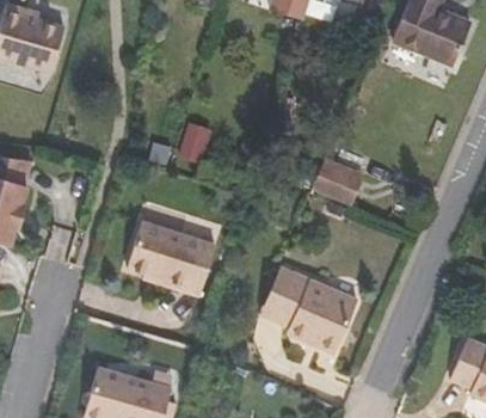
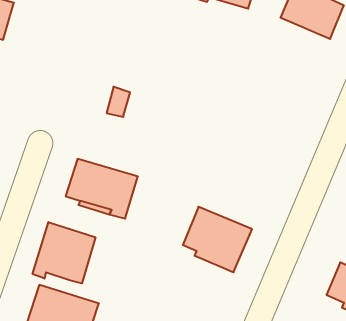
building: [312,159,363,204] -> none
building: none -> [33,222,95,283]

